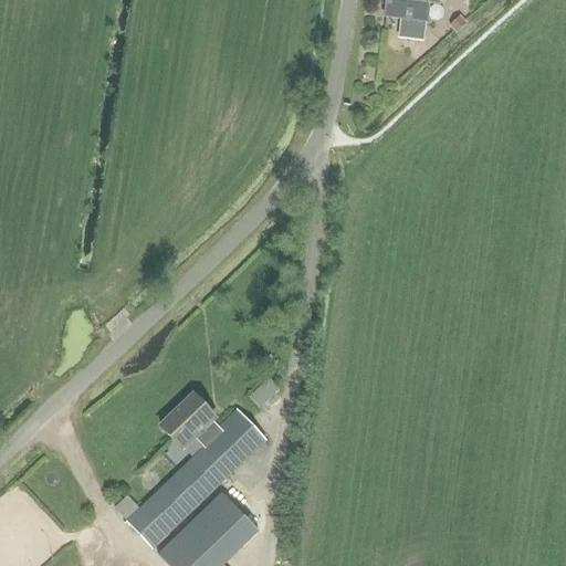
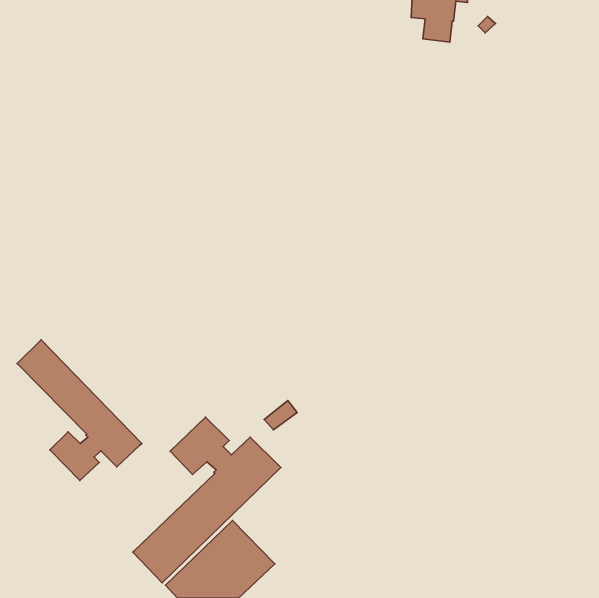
building: none -> [17,340,142,481]

